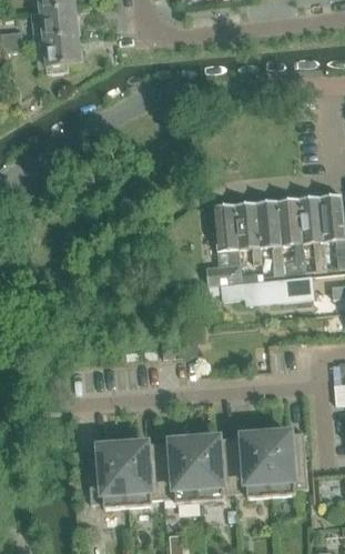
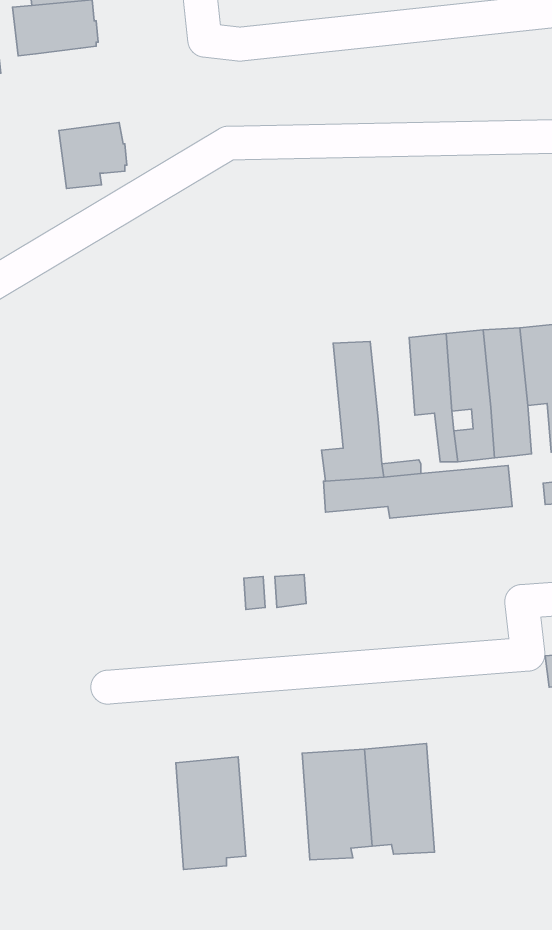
building: [42,33,81,71] -> [59,123,127,189]
building: [233,200,261,260] -> none
building: [265,430,306,494] -> none
building: [158,437,199,501] -> none
building: [85,443,126,506] -> none

